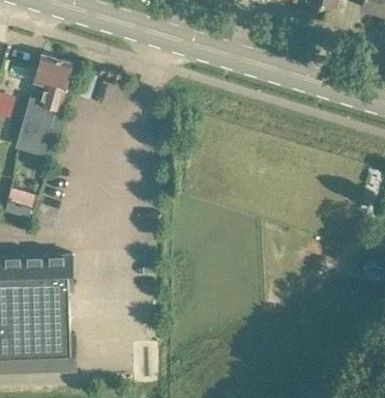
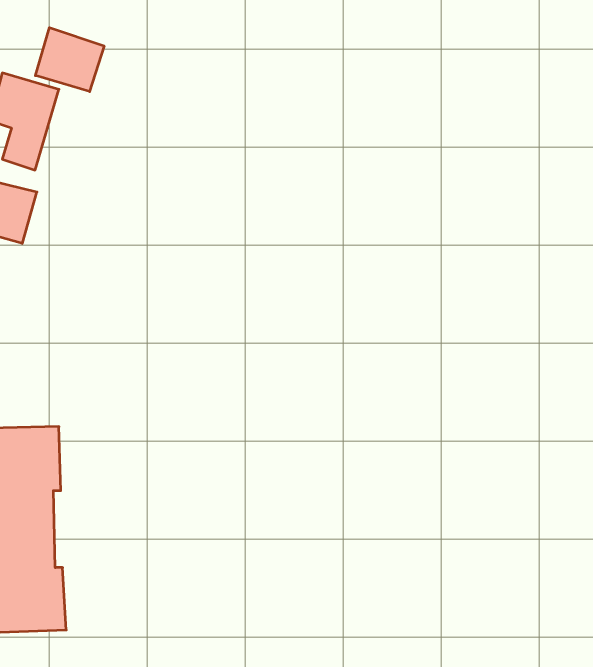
building: none -> [35,28,104,92]

